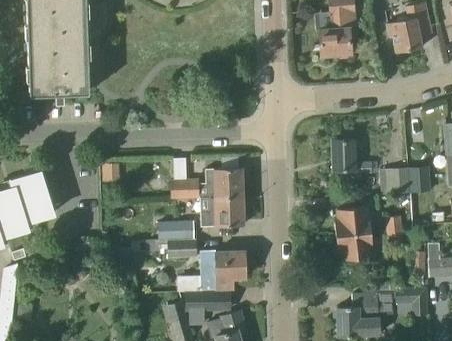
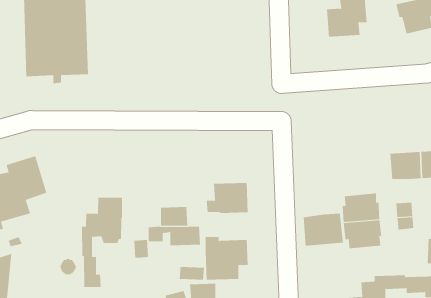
building: [332,139,373,174] -> none
building: [171,158,243,199] -> none
building: none -> [81,197,122,288]
building: none -> [303,213,344,246]

